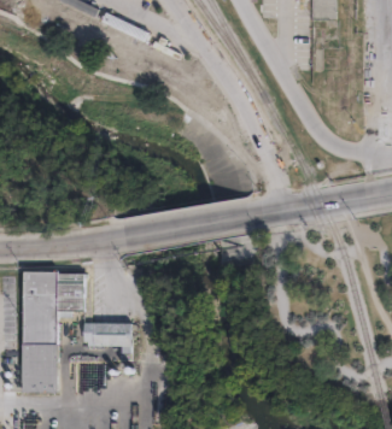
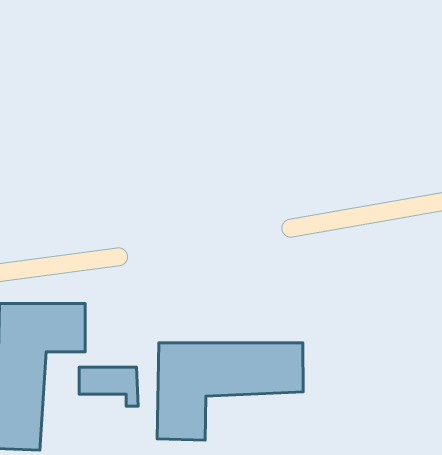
building: none -> [157,343,303,440]

